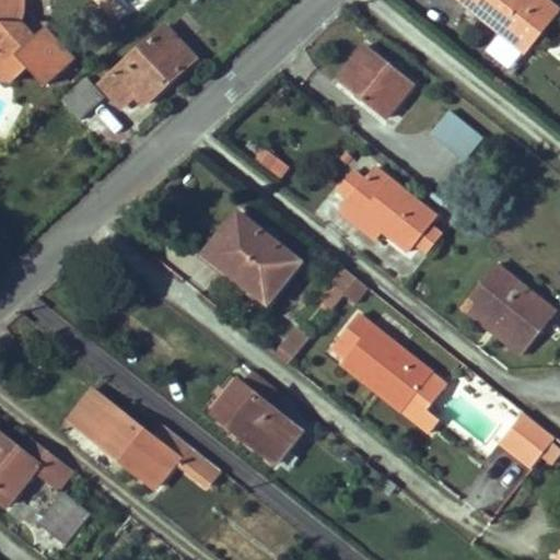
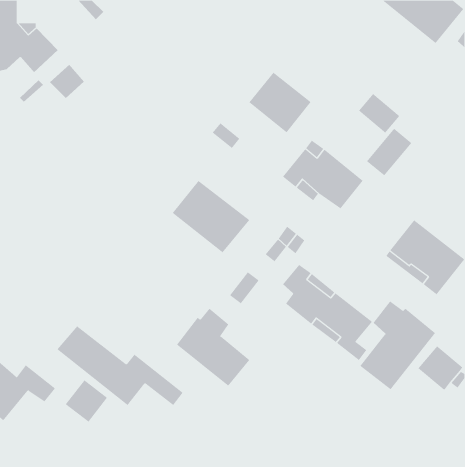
building: [98,25,192,107] -> none
building: [336,46,411,119] -> [249,72,312,133]
building: none -> [366,128,412,176]
building: none -> [360,300,436,390]
building: [37,493,89,545] -> [65,380,108,423]

